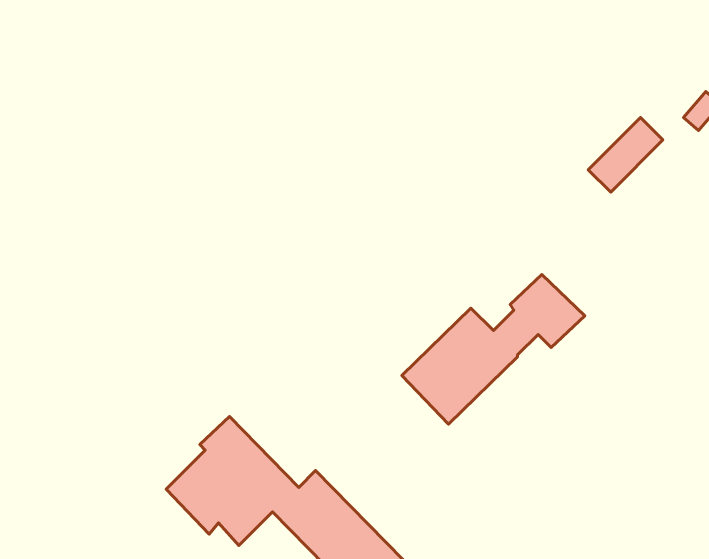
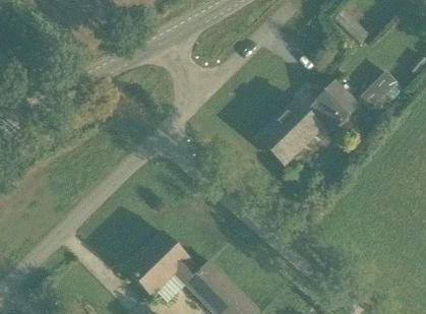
building: [402,275,585,424] -> [259,83,359,165]

